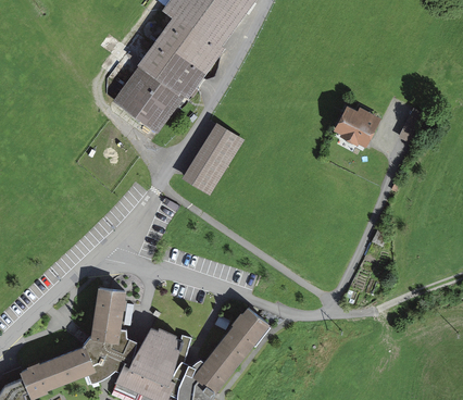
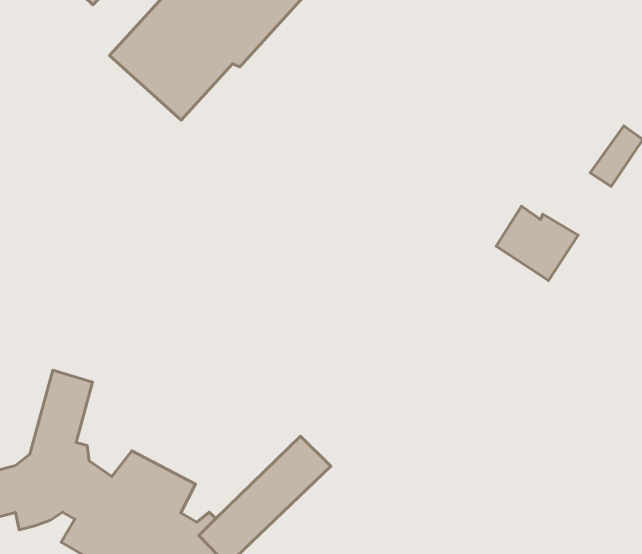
building: [334,107,380,148] -> [496,206,578,281]
building: [182,123,245,197] -> none

